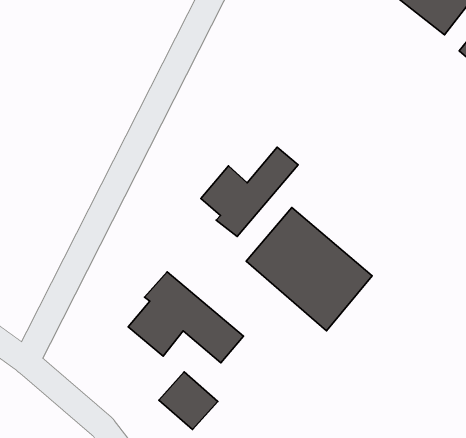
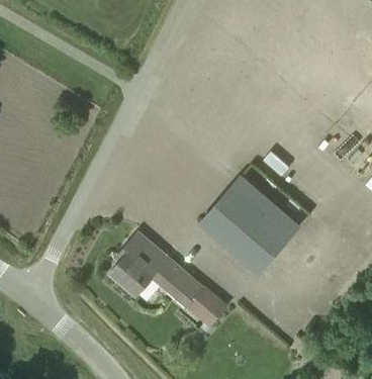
building: [201,147,298,237] -> none
building: [159,372,218,430] -> [185,283,229,326]

